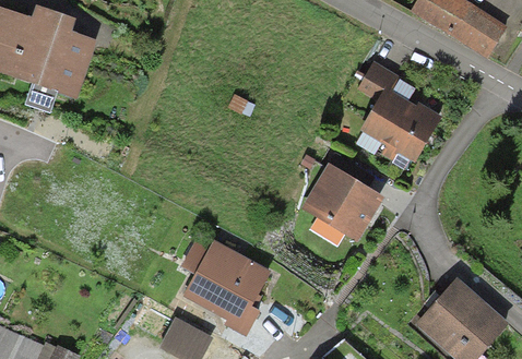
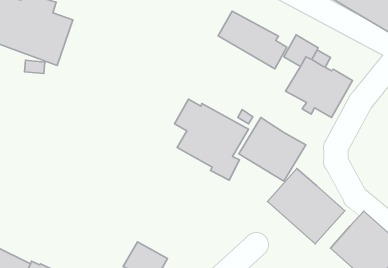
building: none -> [218,11,287,69]
building: none -> [267,168,345,244]
building: [179,235,271,335] -> [174,99,248,180]

